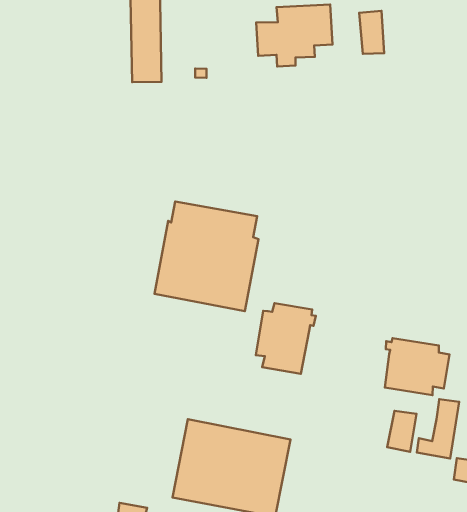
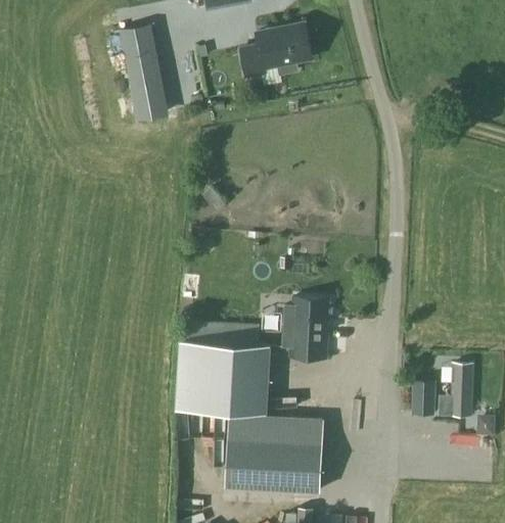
building: [359,11,384,54] -> none
building: [154,201,258,311] -> [176,323,263,413]
building: [385,338,450,395] -> none

